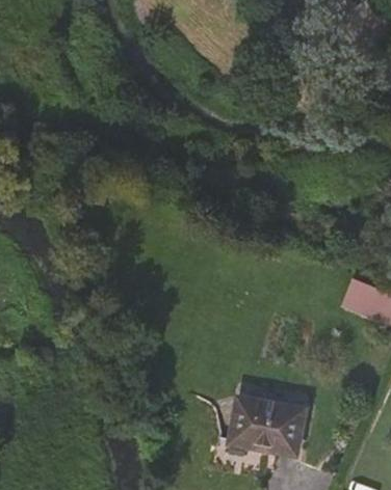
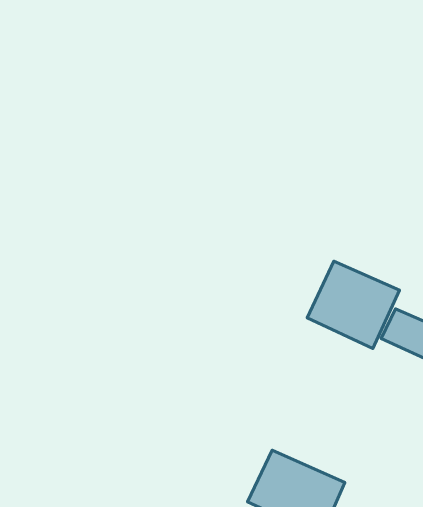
building: none -> [307,261,399,349]

